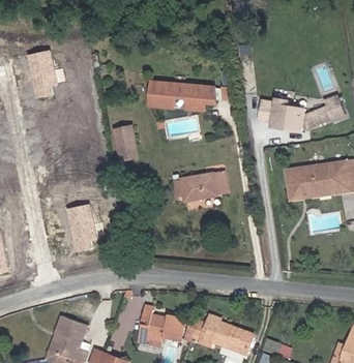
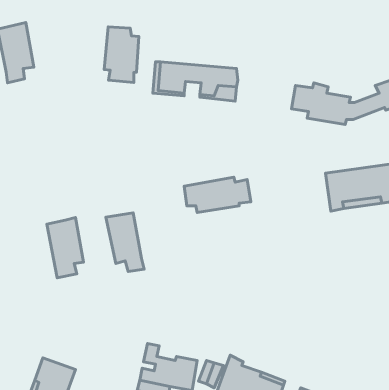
building: none -> [104,27,139,82]
building: [115,127,137,159] -> none
building: none -> [106,213,144,272]

